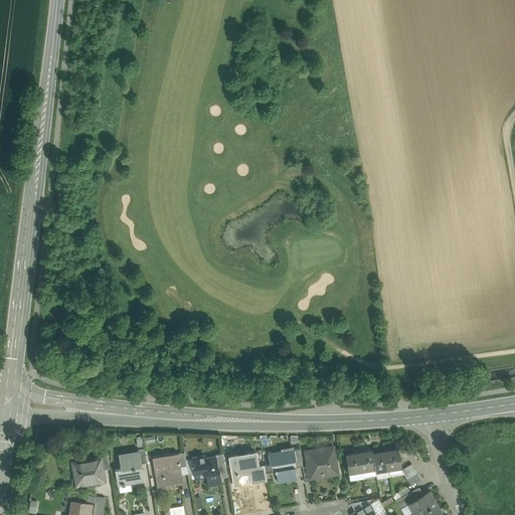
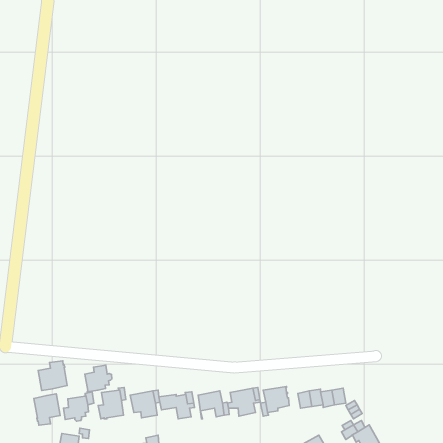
building: none -> [38,361,67,390]
building: none -> [85,365,112,392]
building: none -> [34,394,60,425]

